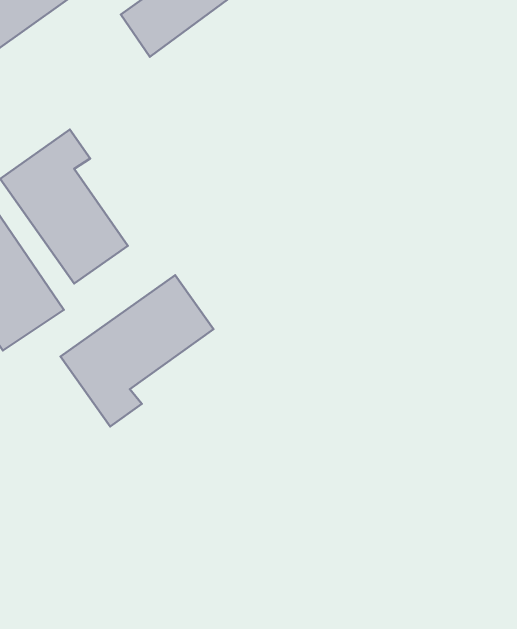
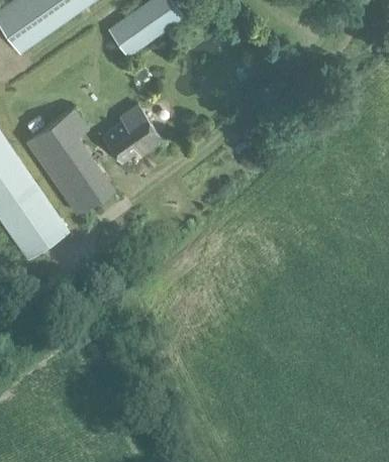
building: none -> [104,104,163,162]
building: [60,275,214,427] -> none

